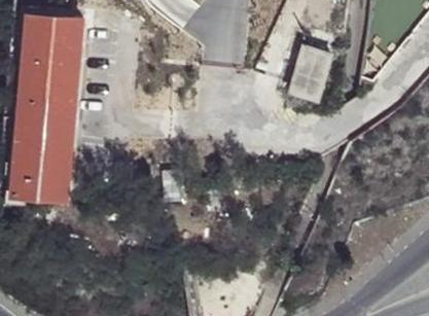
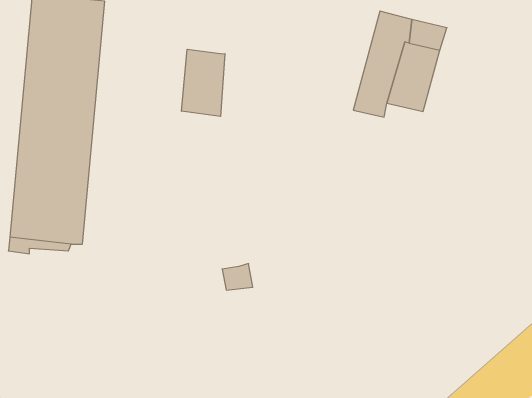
building: none -> [182,49,225,116]

